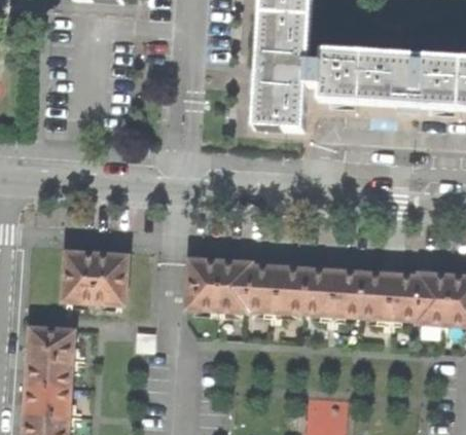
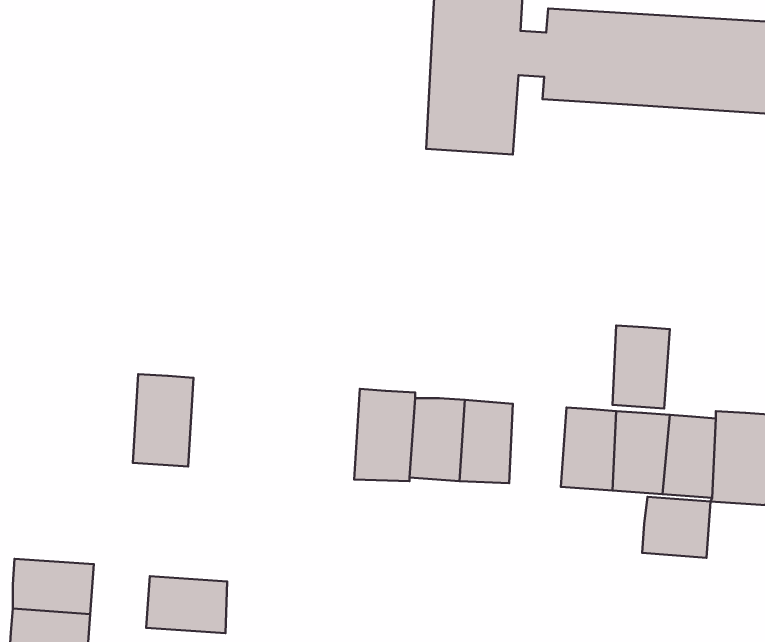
building: [61,249,95,300] -> none
building: [183,257,218,310] -> none
building: [301,267,333,314] -> [613,325,670,409]
building: none -> [642,497,710,558]
building: [26,325,71,357] -> [146,576,227,633]

